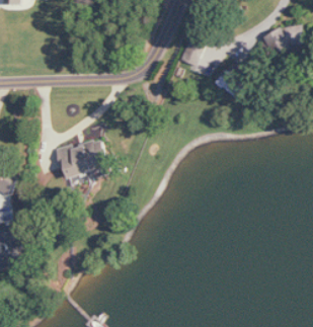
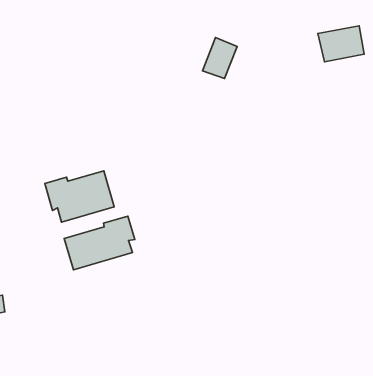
building: none -> [64,216,135,270]

